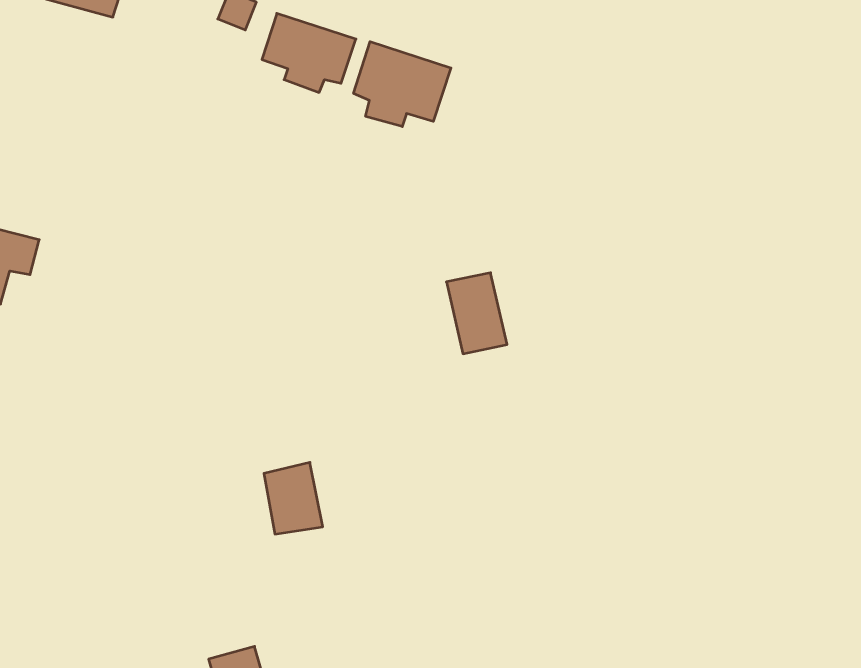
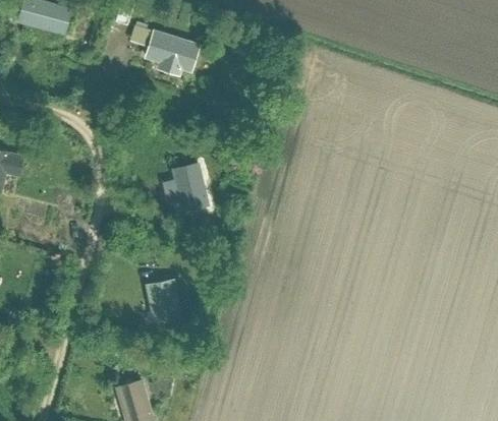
building: [354,42,451,127] -> none
building: [446,273,507,354] -> [172,164,206,208]

